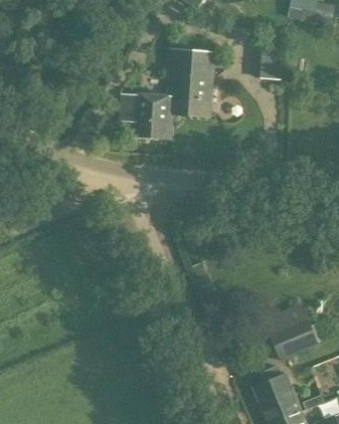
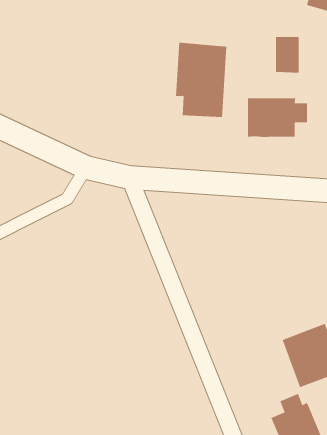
building: [120,94,174,139] -> none
building: none -> [247,97,308,138]

